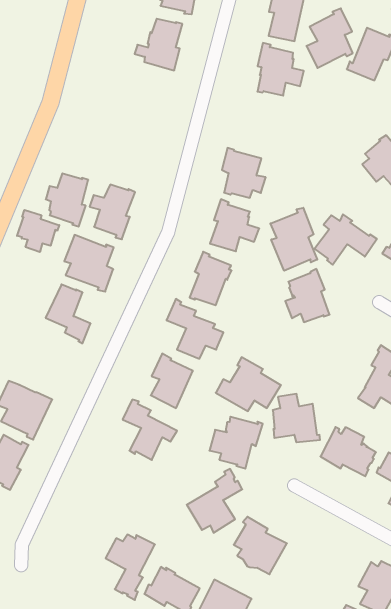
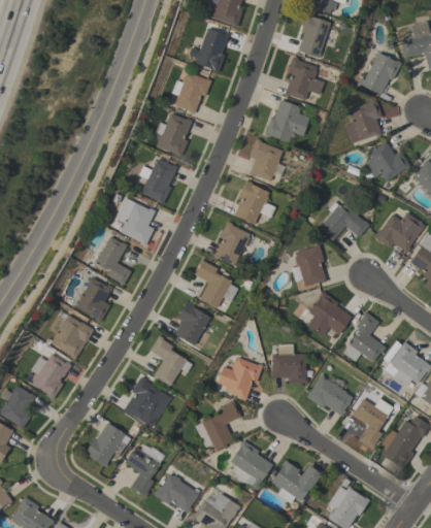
building: [306,8,353,68] -> [344,97,383,143]
building: none -> [172,71,211,113]
building: none -> [265,100,309,141]
building: [46,173,88,227] -> [156,112,192,157]
building: [270,208,317,271] -> none
building: [17,210,59,252] -> none
building: none -> [73,277,112,323]
building: [216,357,281,411] -> [298,291,352,335]
building: none -> [123,375,170,427]
building: none -> [85,422,130,466]
building: none -> [271,459,323,503]

